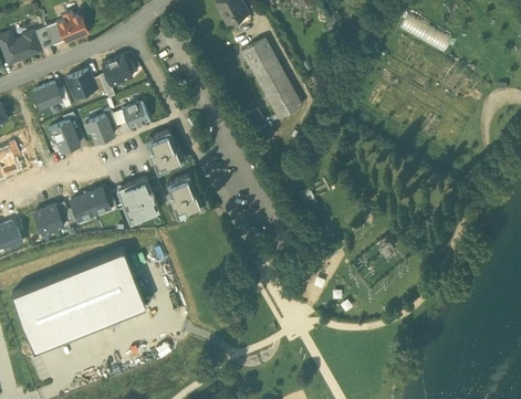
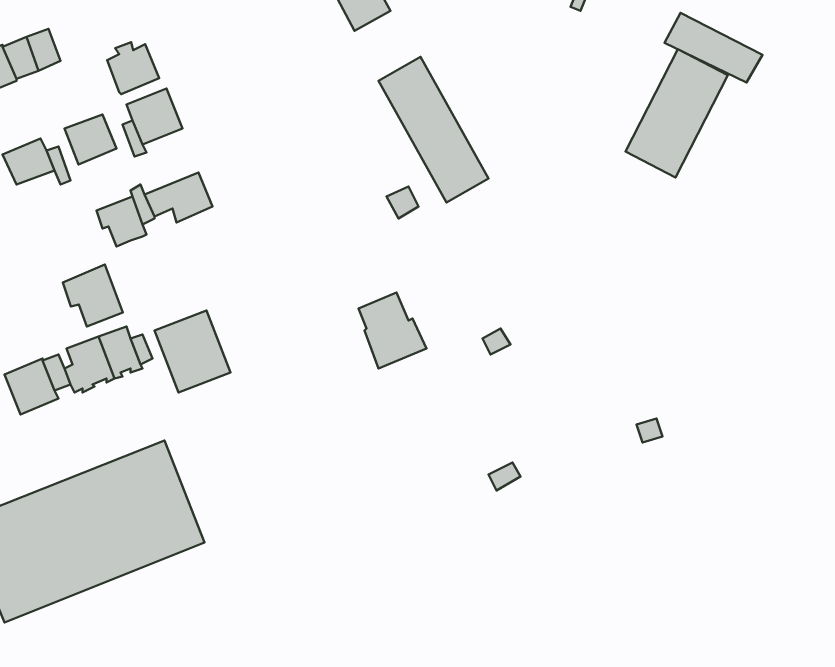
building: [59,12,87,41] -> [107,42,159,94]
building: none -> [625,49,728,178]
building: [48,119,81,154] -> [63,265,123,327]
building: [147,132,185,172] -> none
building: [167,176,205,218] -> [358,293,426,369]

